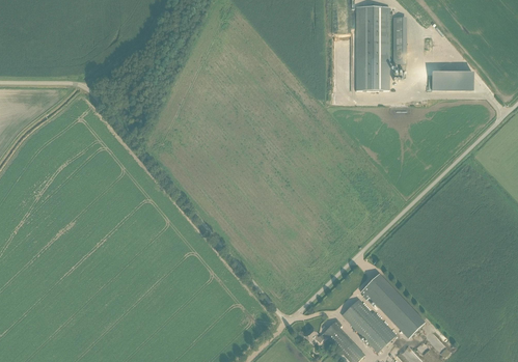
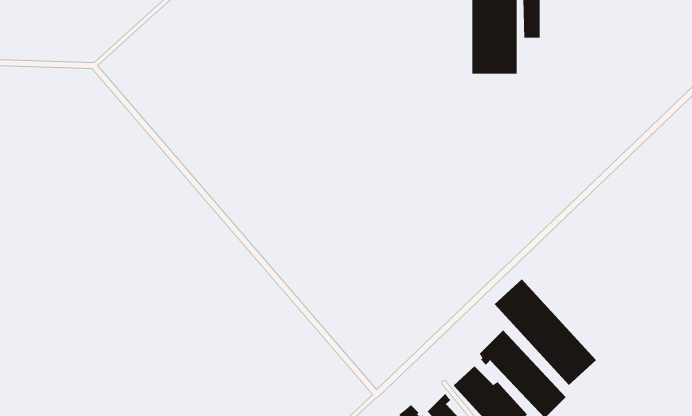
building: [431,72,472,88] -> none
building: none -> [494,278,597,386]

